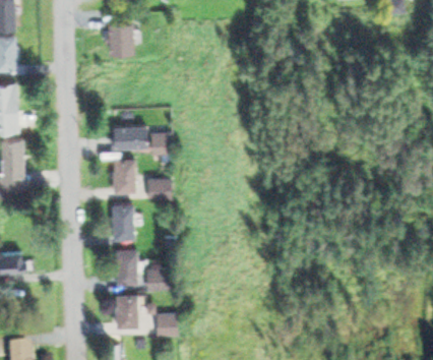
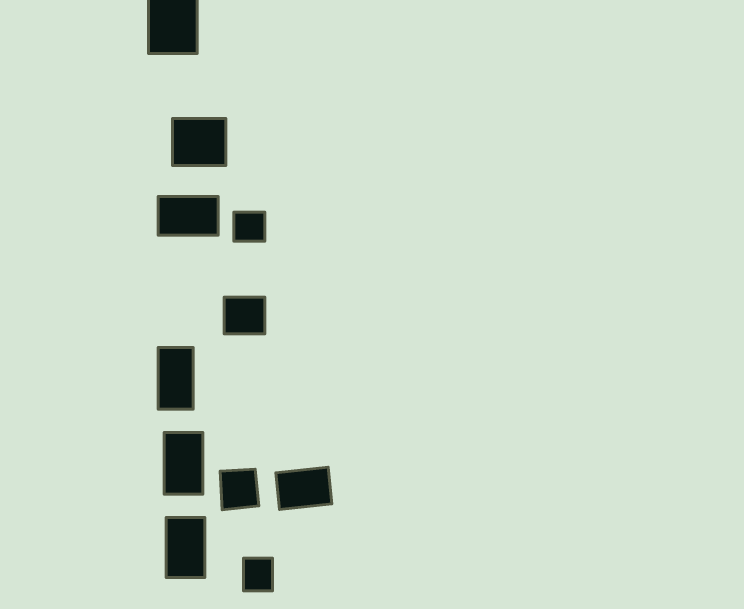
building: none -> [173,118,226,165]
building: [114,159,134,191] -> none
building: none -> [276,467,332,509]

